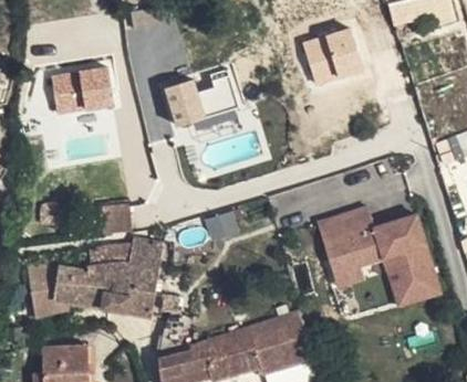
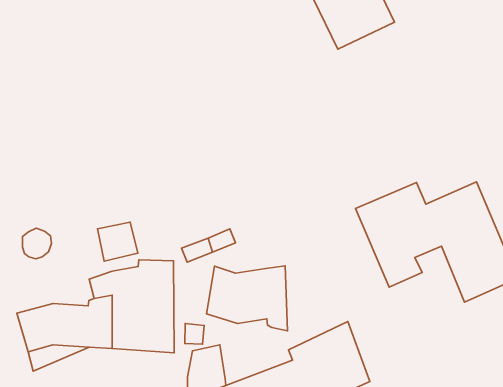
building: [50,64,116,114] -> none
building: [164,66,240,125] -> none
building: none -> [207,266,287,331]

